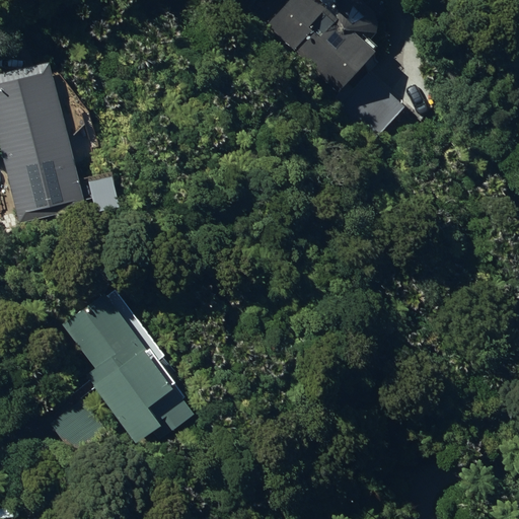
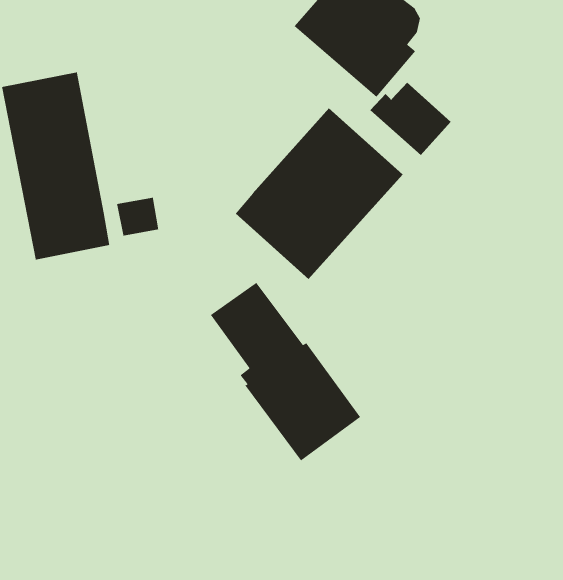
building: none -> [235,107,404,280]
building: [75,297,210,457] -> [210,282,361,461]

